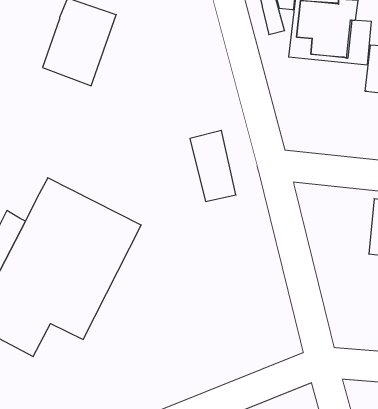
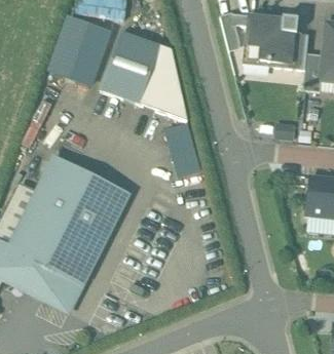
building: none -> [99,30,187,117]
building: none -> [44,272,83,310]

